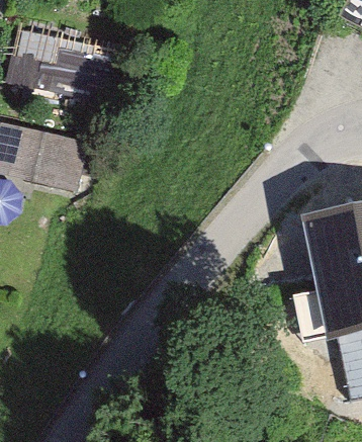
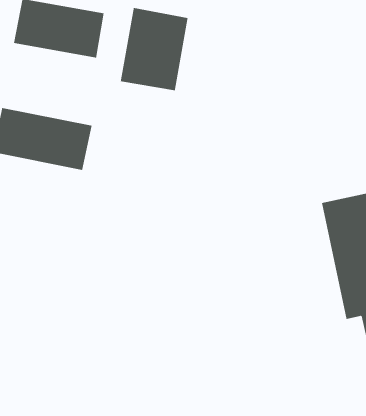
building: none -> [120,7,188,91]

